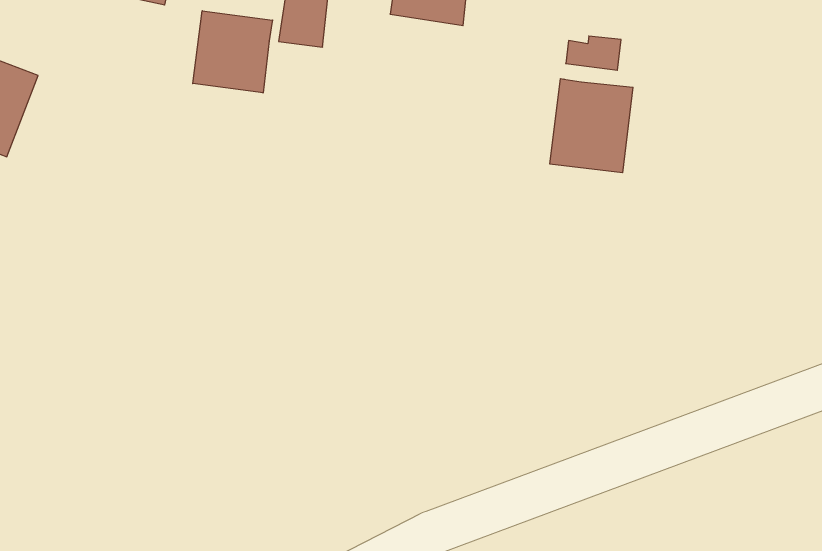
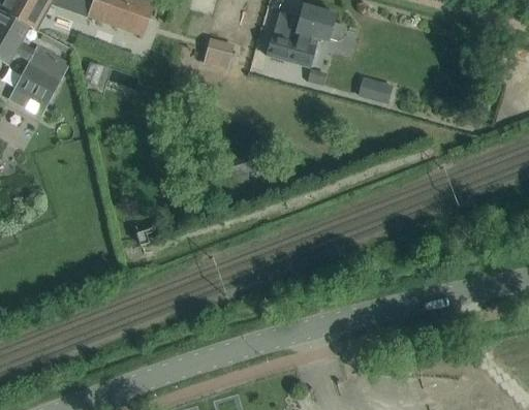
building: [193,11,273,93] -> none
building: [550,79,633,173] -> none

